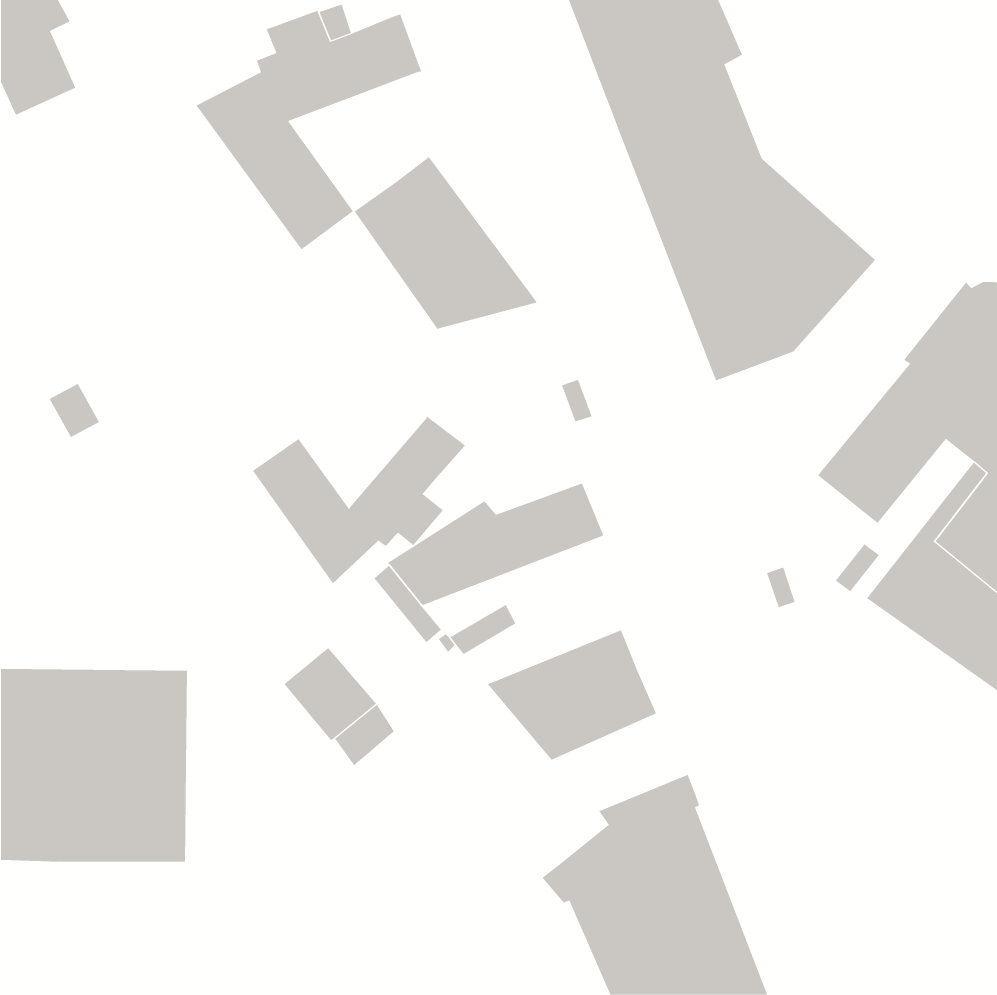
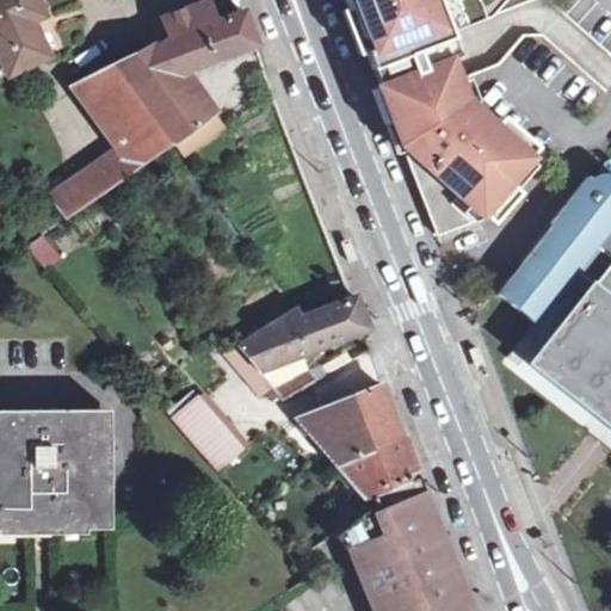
building: none -> [51,64,175,217]
building: [354,156,538,330] -> none
building: [252,416,466,584] -> none
building: none -> [333,434,421,527]

